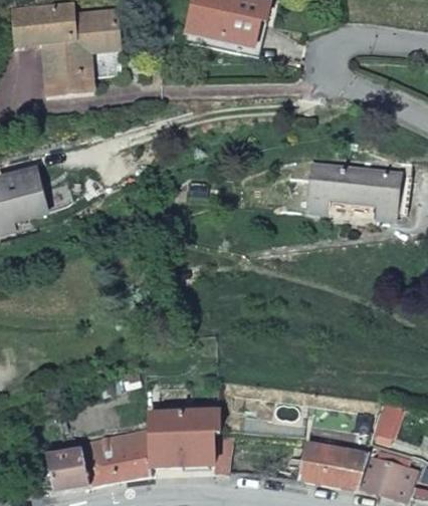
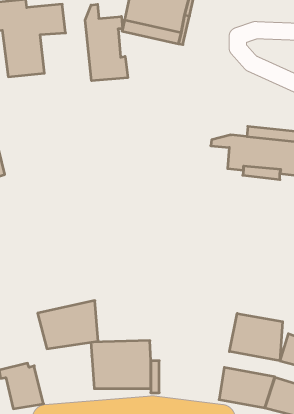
building: none -> [85,4,128,81]
building: none -> [229,313,283,361]
building: [80,427,153,484] -> [38,301,98,349]

